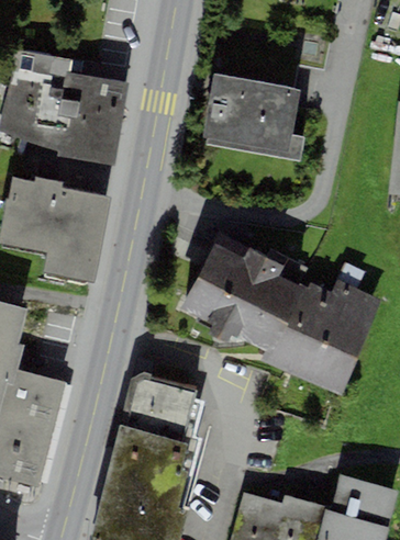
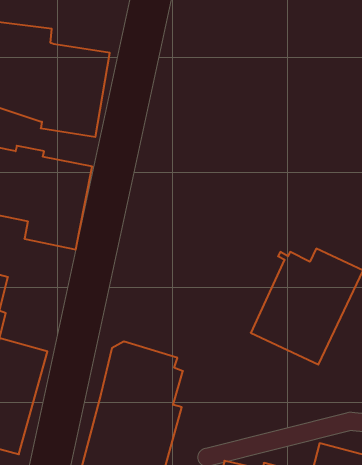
building: [201,72,305,161] -> none
building: [180,244,304,363] -> none

